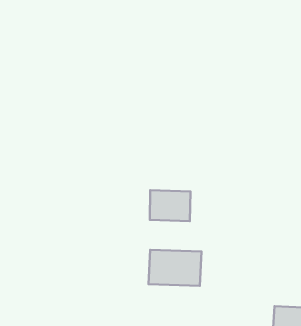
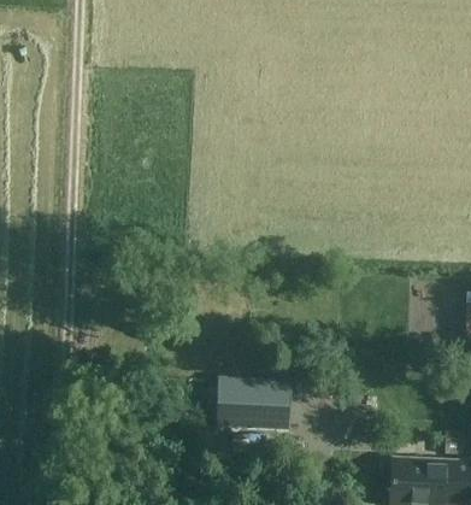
building: [150,190,191,221] -> none

